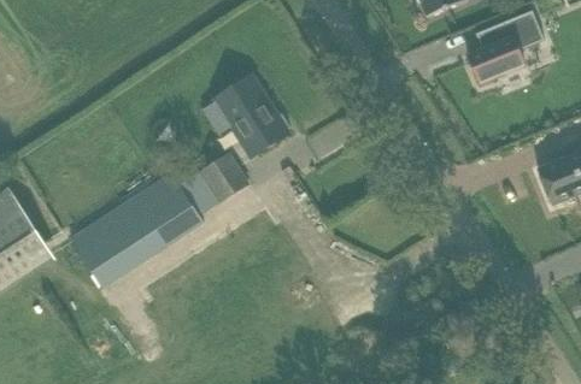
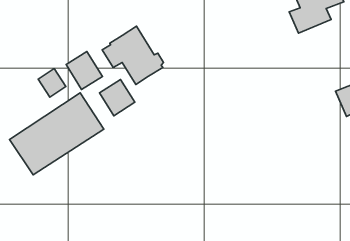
building: none -> [66,52,103,89]
building: none -> [38,69,66,97]

